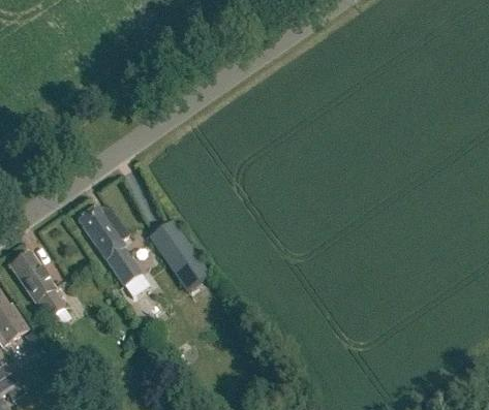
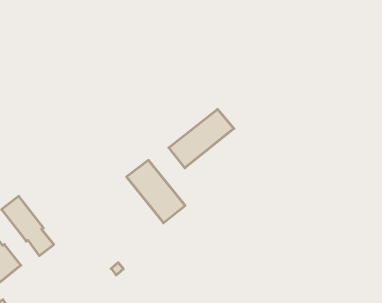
building: none -> [169,109,234,168]
building: [77,204,141,284] -> none

